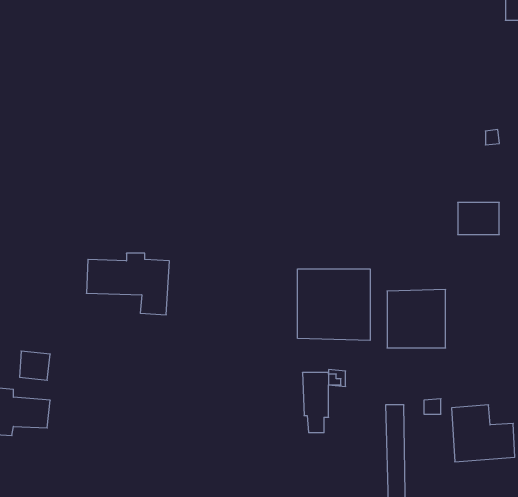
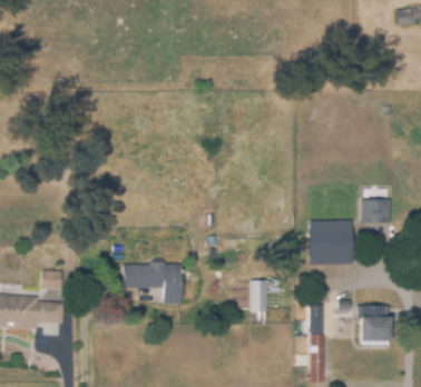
building: [458,202,499,235] -> [360,199,390,222]
building: [86,253,169,315] -> [121,259,182,304]
building: [298,269,370,340] -> none

